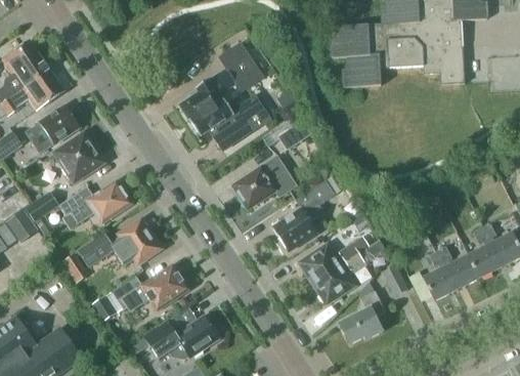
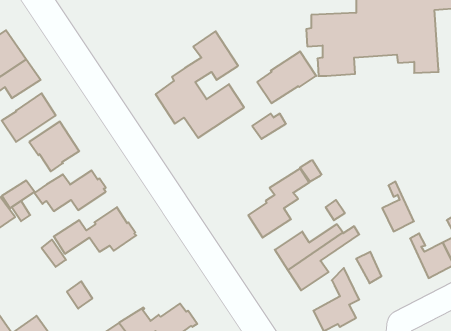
building: [233,155,293,207] -> [257,51,316,103]
building: [423,250,454,300] -> [382,182,414,231]
building: [112,265,187,310] -> none

